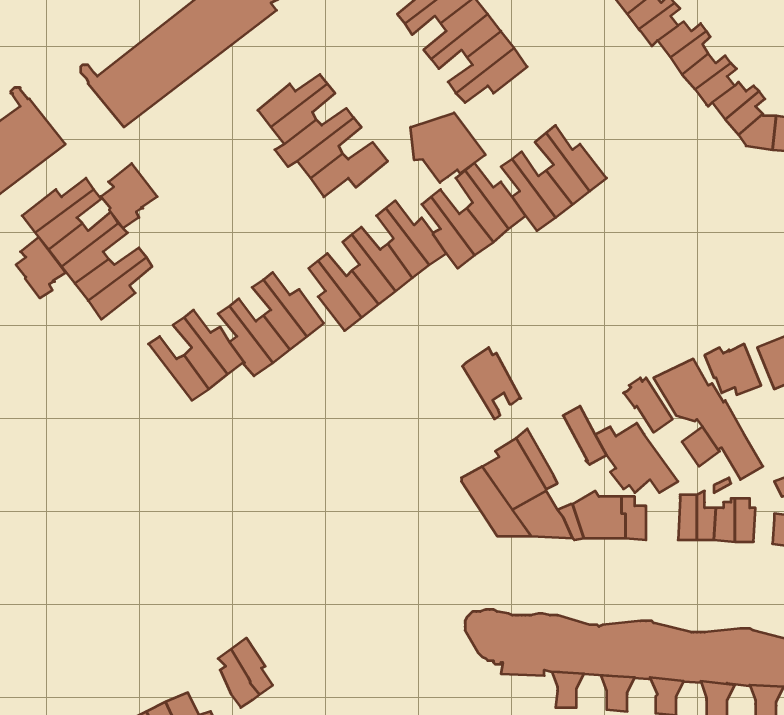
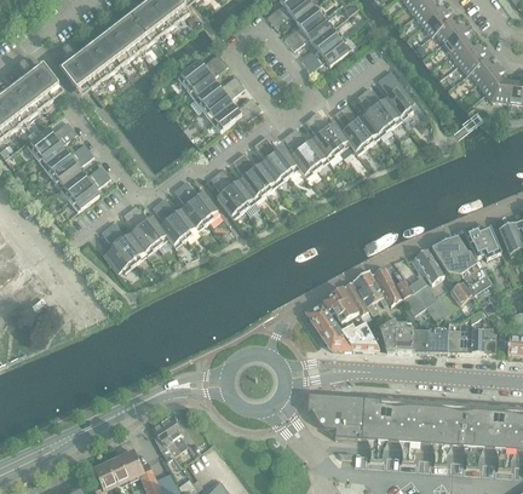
building: none -> [378,69,414,119]
building: [411,113,485,183] -> none
building: [101,163,157,228] -> none
building: [16,237,66,298] -> none
building: none -> [100,225,134,271]
building: [462,347,521,419] -> [351,268,389,314]
building: none -> [425,323,448,351]

